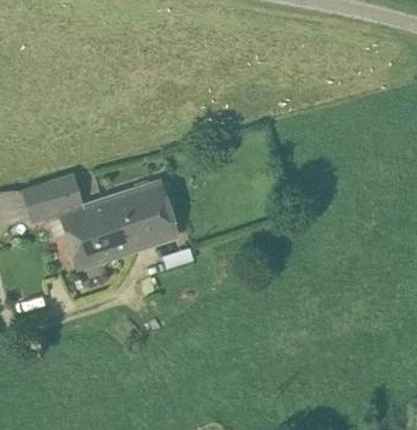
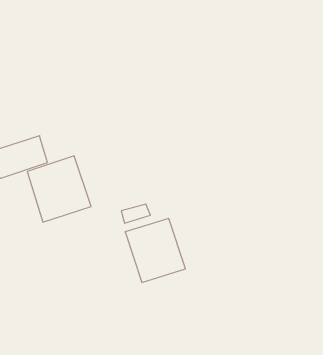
building: [112,183,177,252] -> [125,218,185,282]

